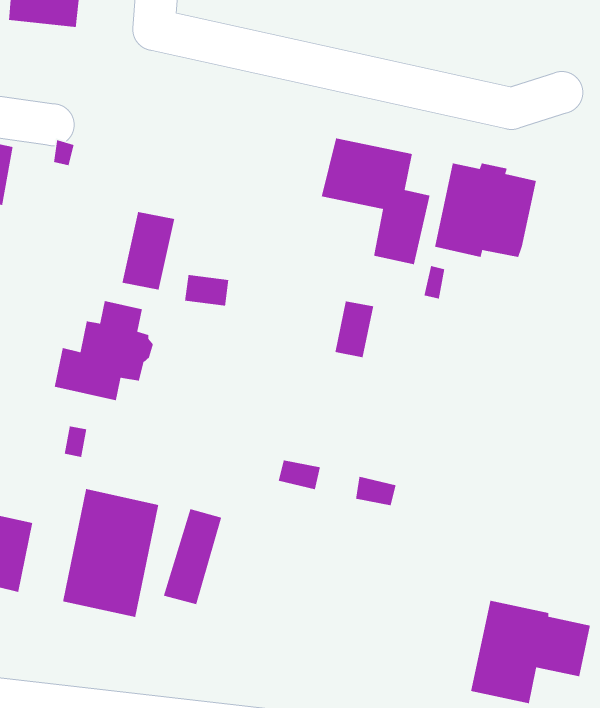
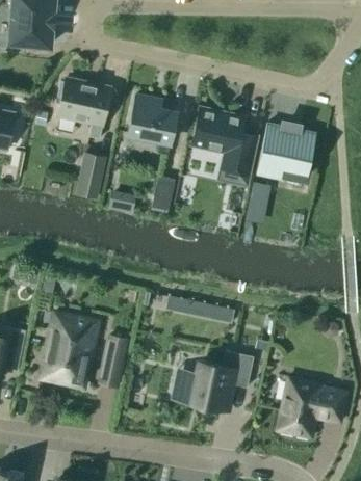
building: none -> [57,79,110,139]
building: none -> [128,95,176,155]
building: [54,300,154,401] -> none
building: [334,300,374,358] -> [151,177,174,210]
building: none -> [182,350,254,410]

